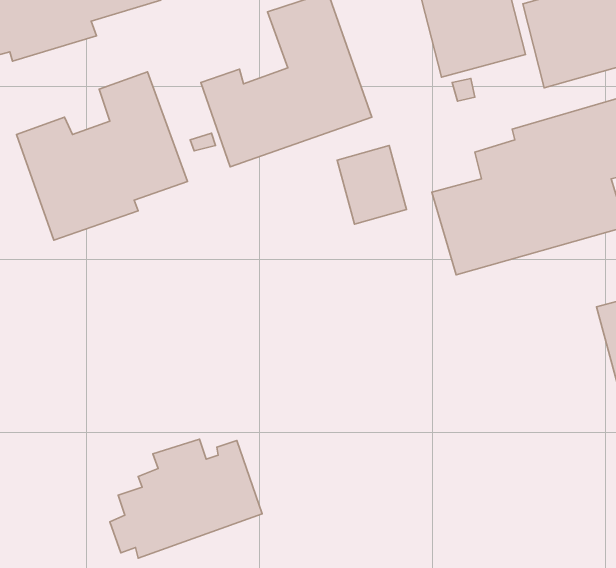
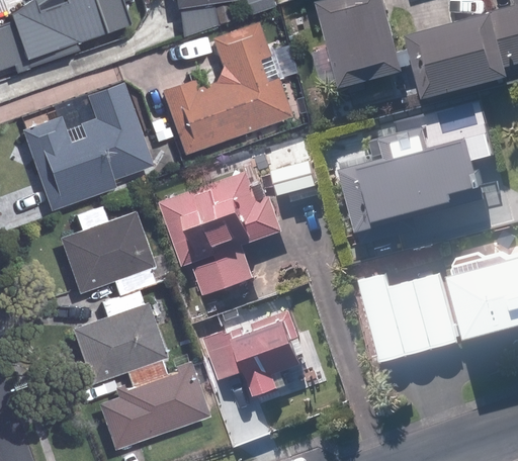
building: none -> [161,171,283,293]
building: none -> [62,215,152,292]
building: none -> [359,272,455,360]
building: none -> [73,305,164,383]
building: none -> [203,309,300,390]

